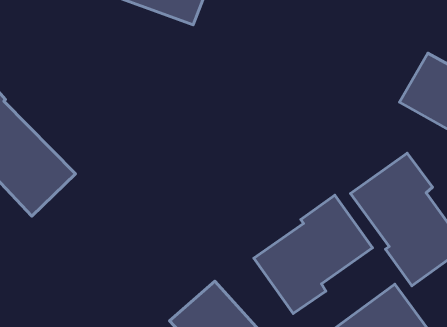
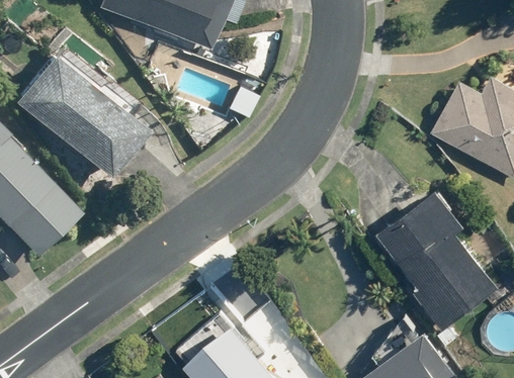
building: none -> [11,52,148,177]
building: [254,195,373,313] -> none

